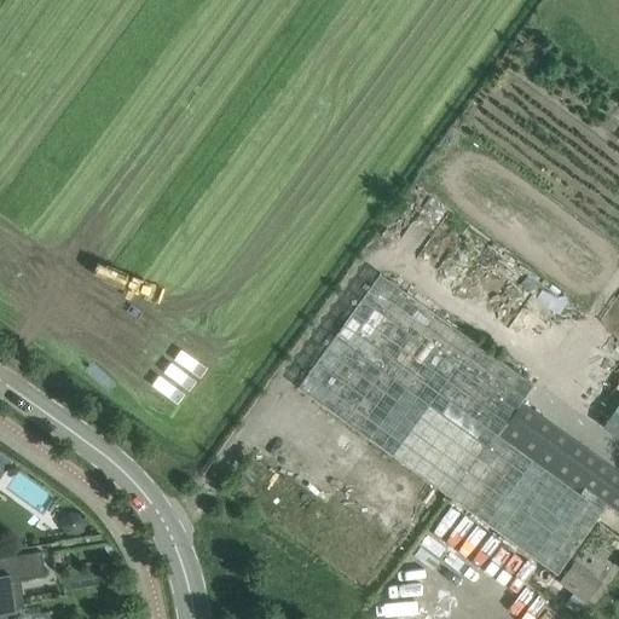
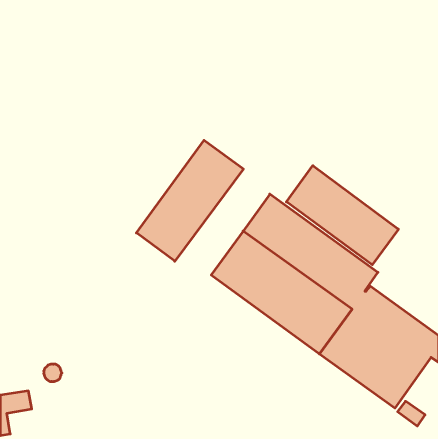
building: none -> [136,140,243,261]
building: none -> [286,166,398,265]

